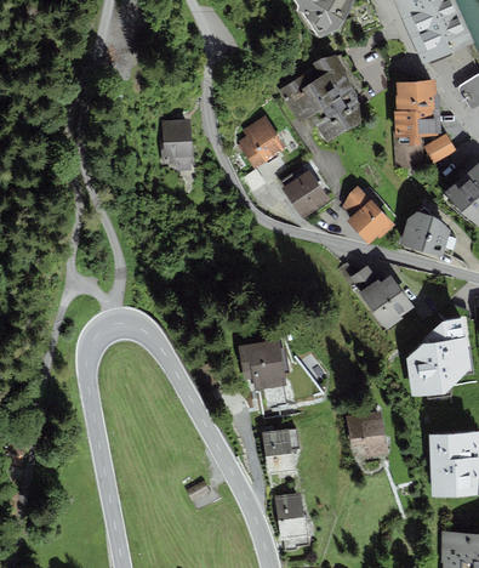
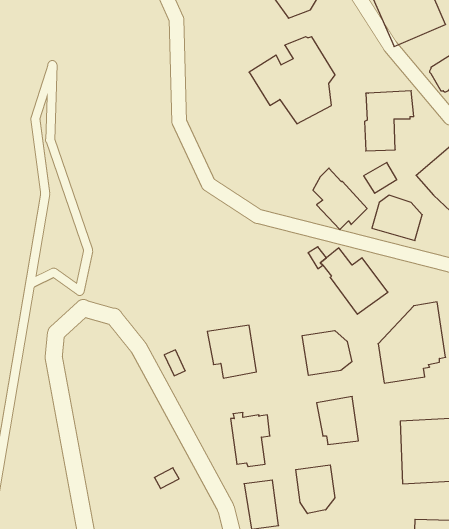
building: [395,80,439,110] -> none
building: [238,115,286,167] -> none
building: [160,119,194,171] -> none
building: [423,134,456,164] -> [364,162,397,193]
building: [281,166,330,220] -> none
building: none -> [302,331,352,375]
building: none -> [296,465,335,514]

